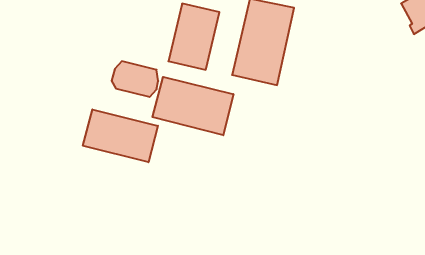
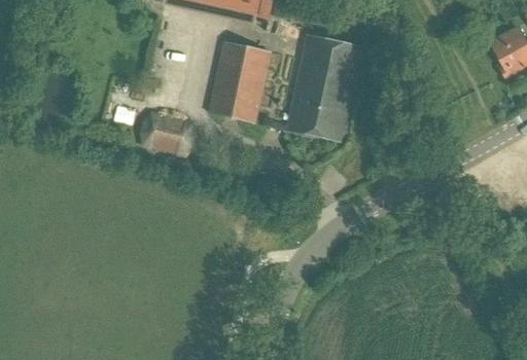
building: [152,77,233,135] -> none
building: [83,109,158,162] -> none

